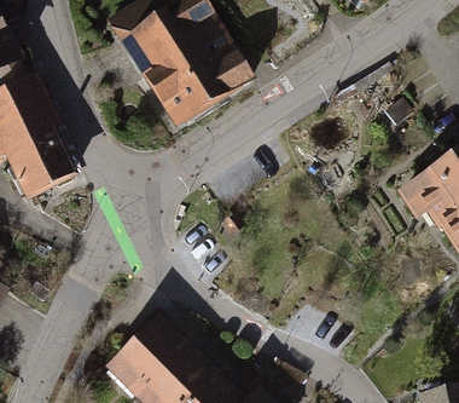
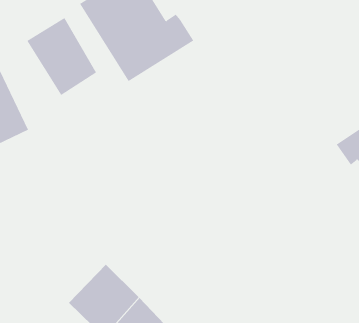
building: none -> [27,17,97,96]

